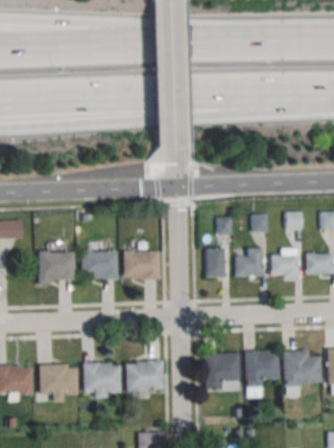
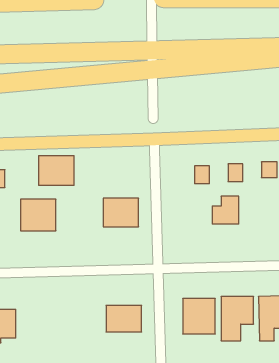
building: [205,248,224,277] -> none
building: [80,249,117,279] -> [39,156,74,185]
building: [271,249,298,277] -> none
building: [83,363,121,397] -> none
building: [39,364,77,401] -> none

